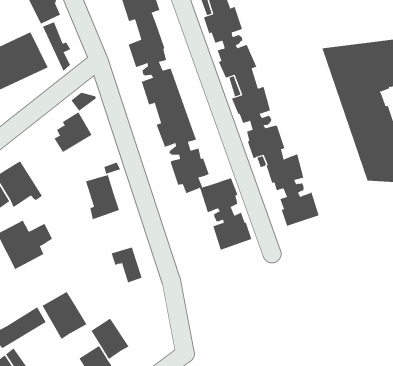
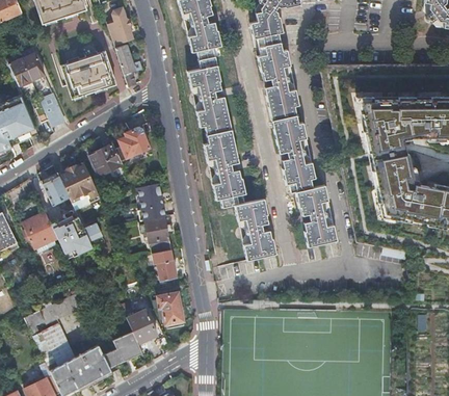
building: none -> [88,143,123,176]
building: none -> [146,216,174,253]
building: [42,291,87,340] -> none
building: none -> [157,292,184,325]

